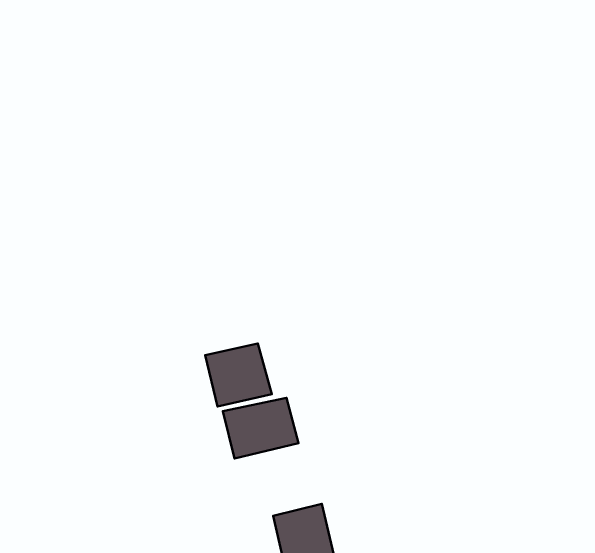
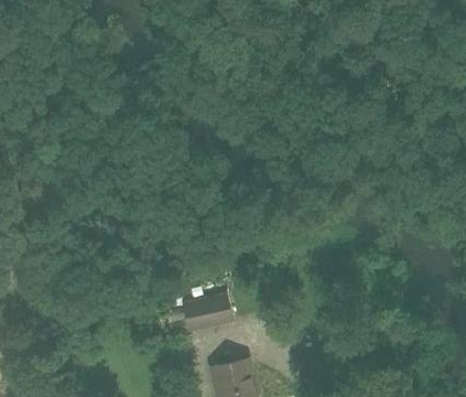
building: [205,344,272,407] -> none

